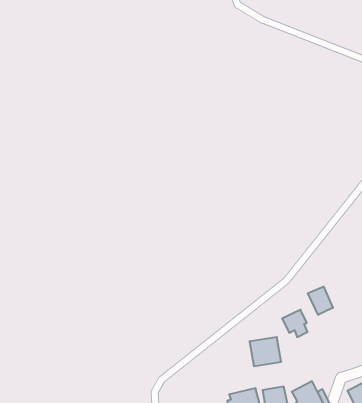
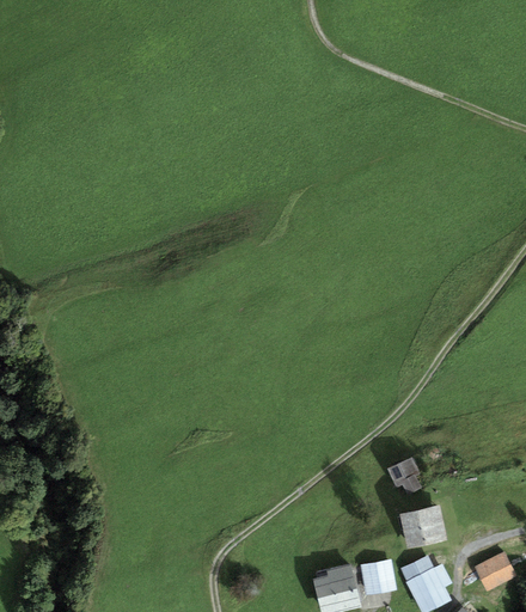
building: [308,287,333,315] -> none
building: [249,337,281,366] -> [402,507,445,546]

